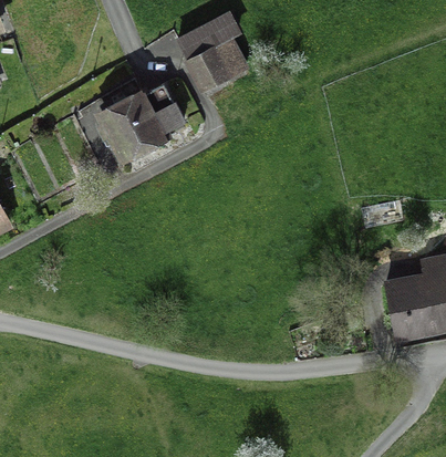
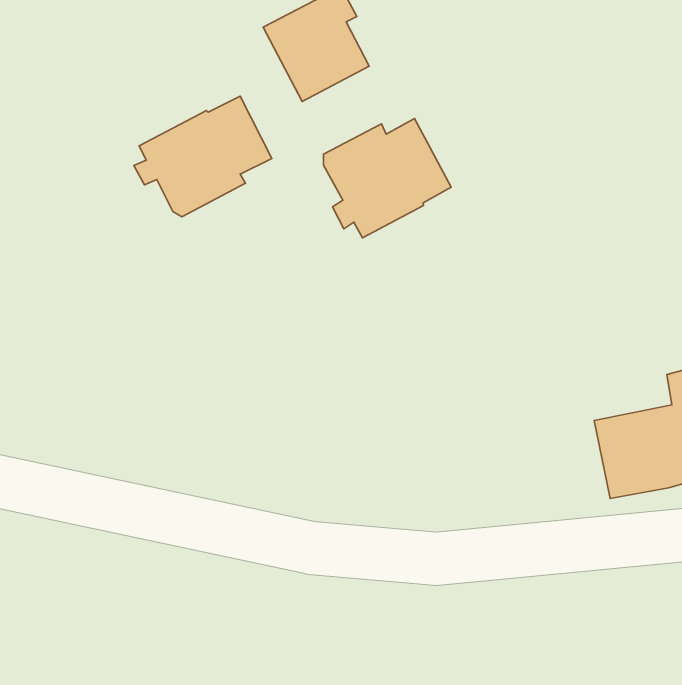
building: none -> [323,118,451,238]

